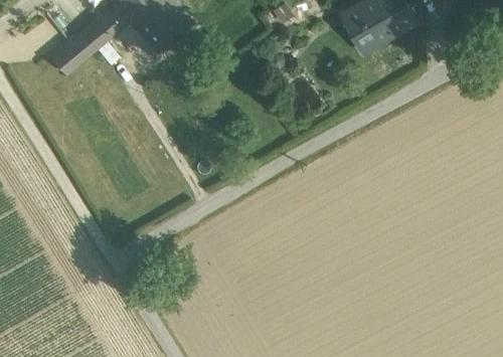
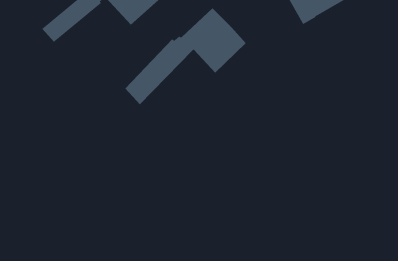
building: none -> [125,7,247,105]

